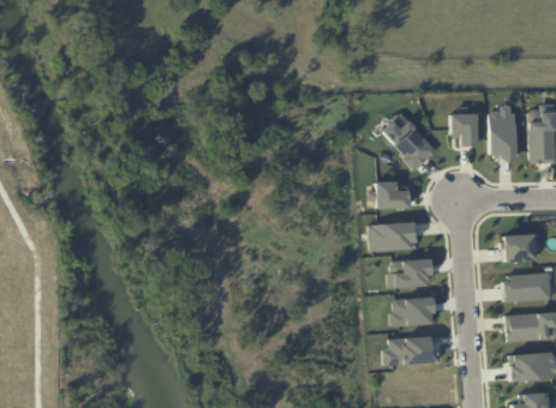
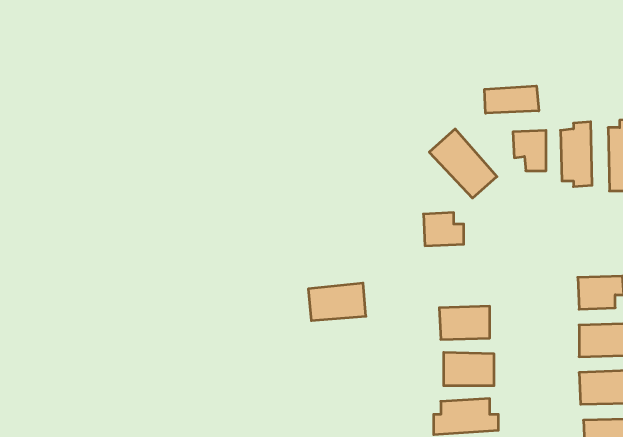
building: none -> [485,86,539,113]
building: [367,221,415,252] -> [308,283,366,321]

